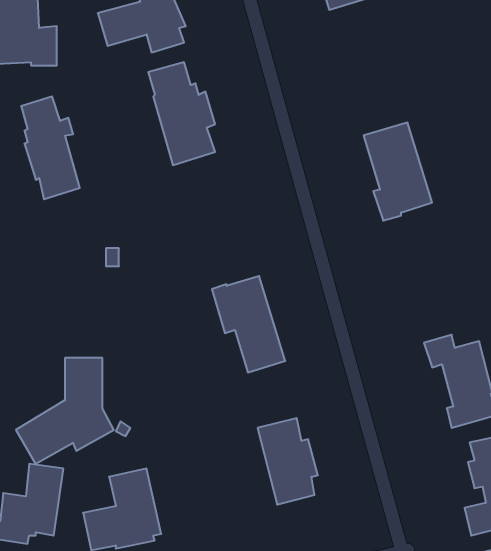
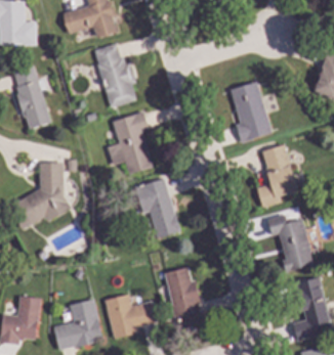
building: none -> [108,112,153,175]
building: none -> [256,144,298,208]
building: [16,358,114,464] -> [9,163,71,229]
building: none -> [103,294,157,339]

